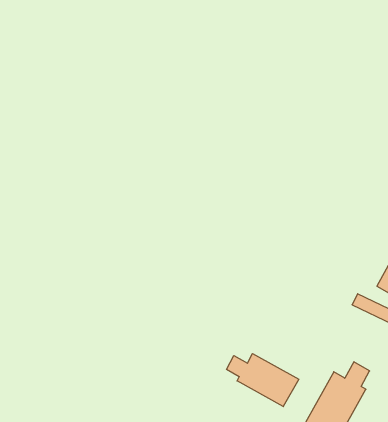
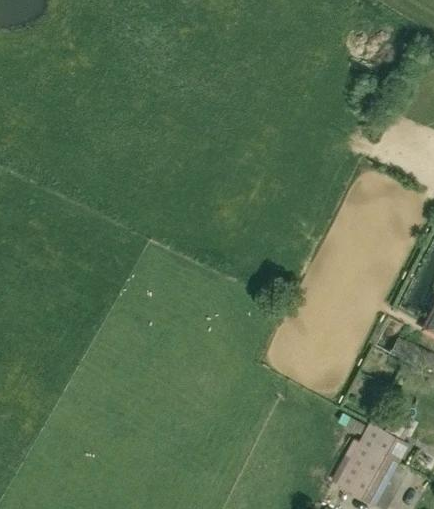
building: [227,354,299,407] -> none

